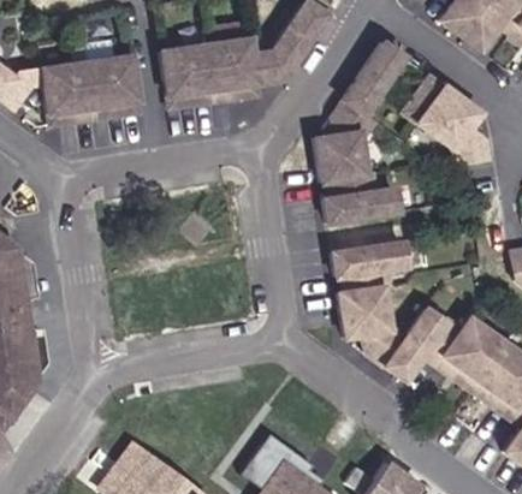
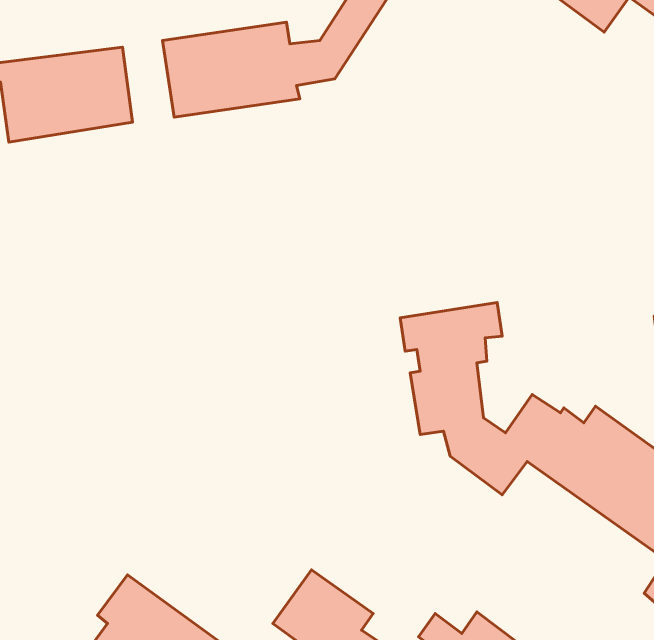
building: [314,41,403,219] -> none
building: [404,72,486,159] -> none

